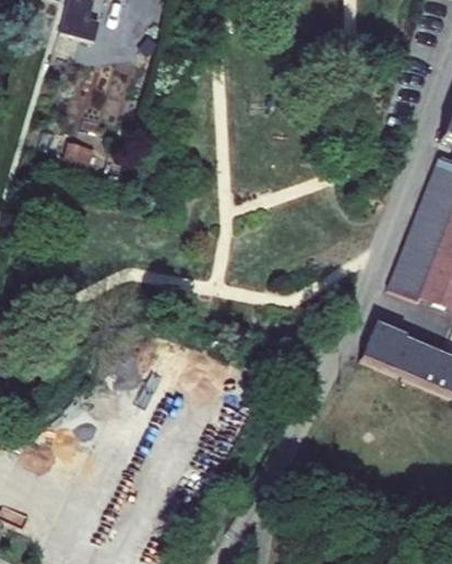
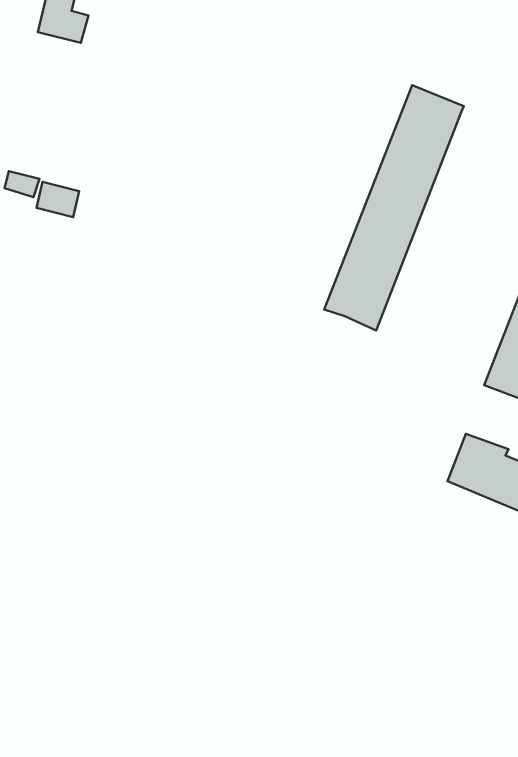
building: none -> [324,85,464,330]

